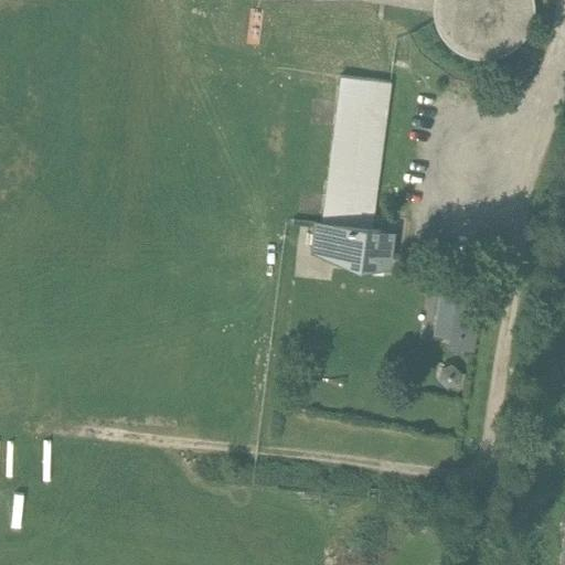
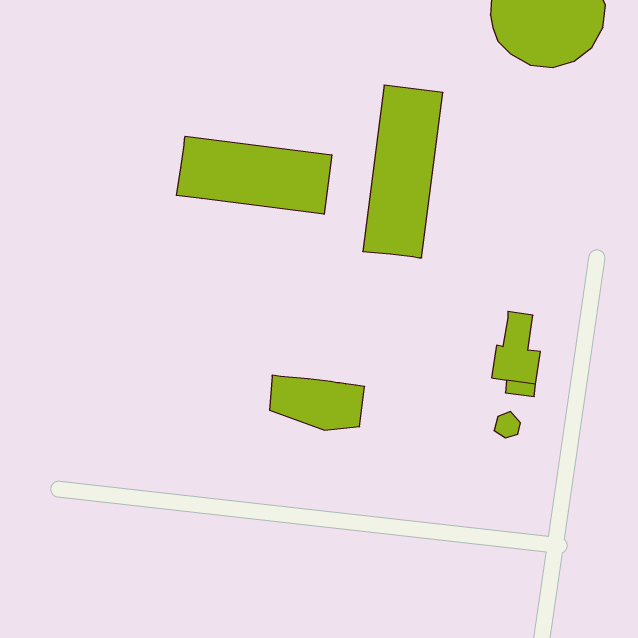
building: none -> [176,136,332,214]
building: [311,221,395,269] -> [270,375,365,430]

